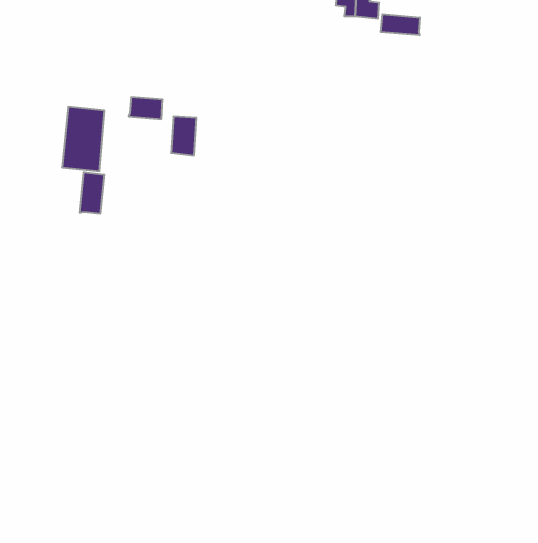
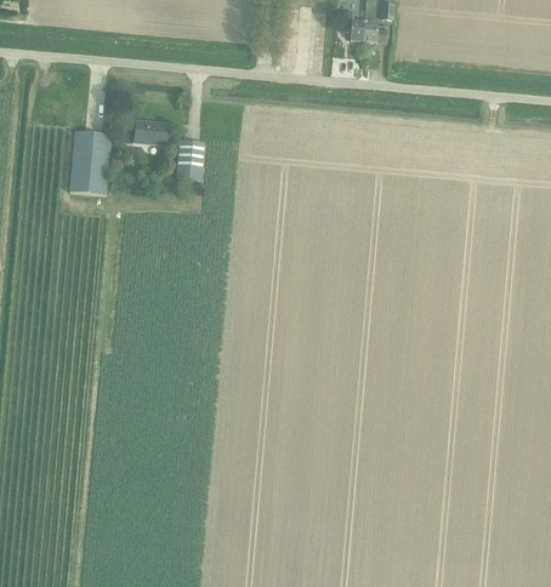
building: [381,14,420,35] -> none
building: [80,172,104,214] -> none

